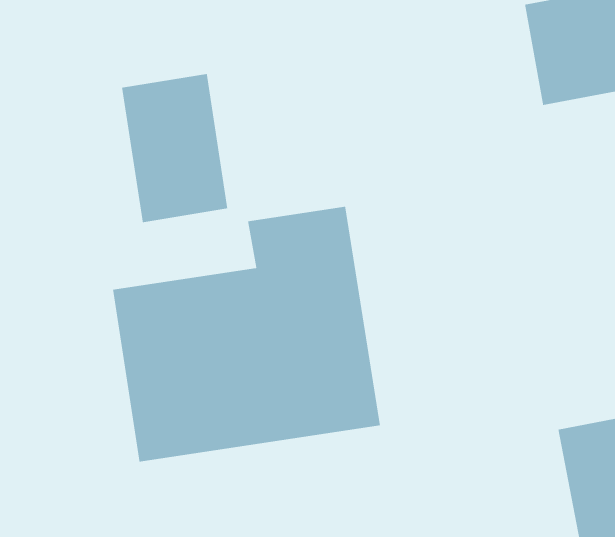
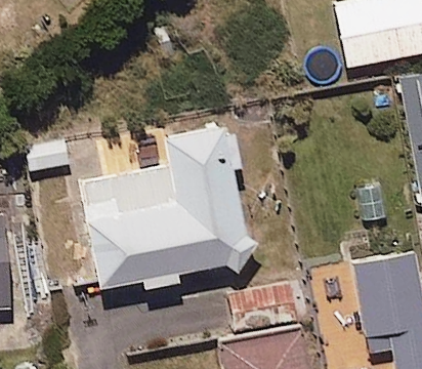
building: [121,73,228,223] -> none

